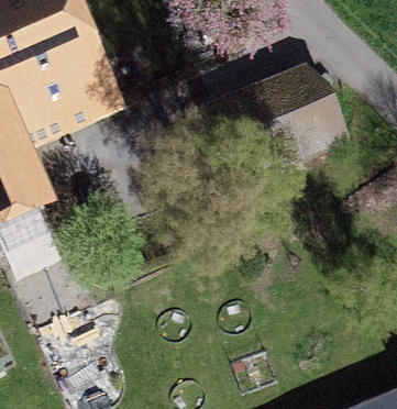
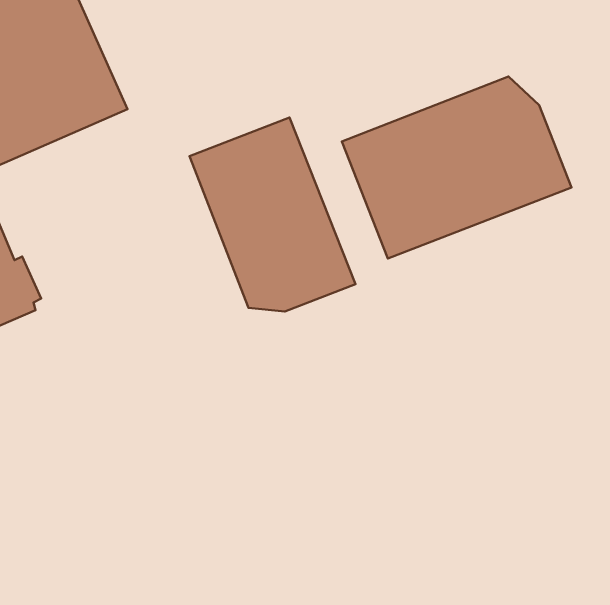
building: none -> [189,117,355,311]

